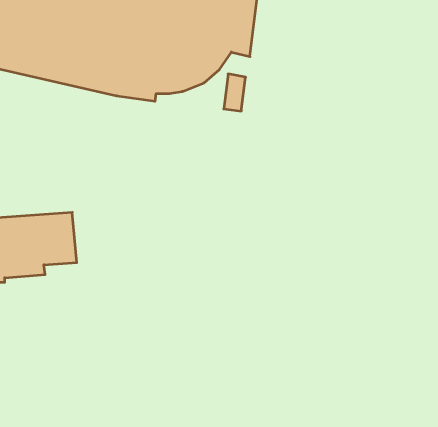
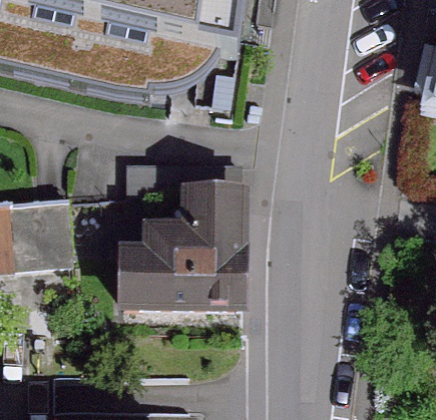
building: none -> [119,162,238,304]

